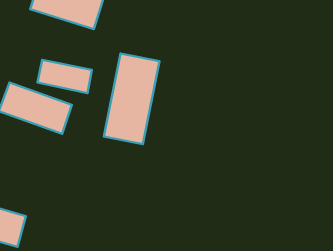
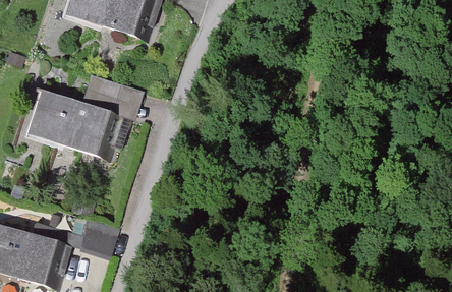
building: [104,53,160,144] -> none

